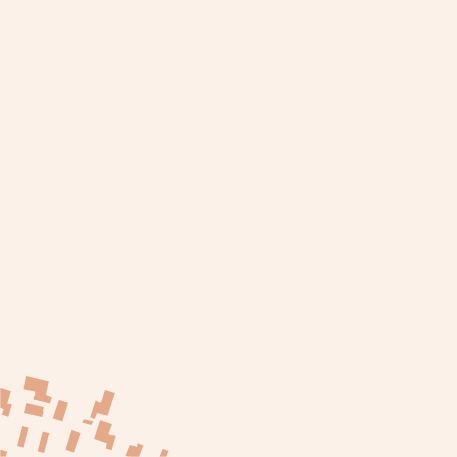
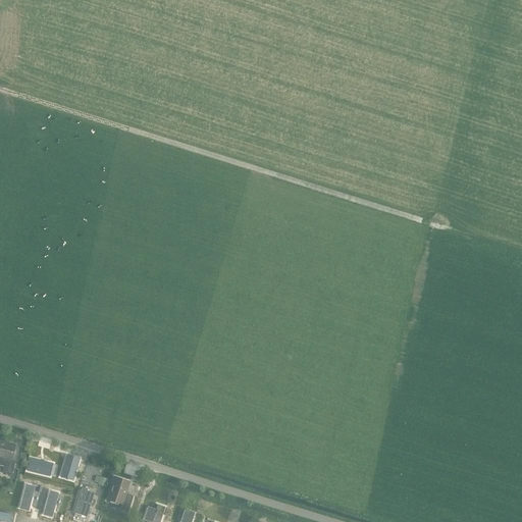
building: [23,375,53,404] -> none
building: [89,389,115,420] -> none

